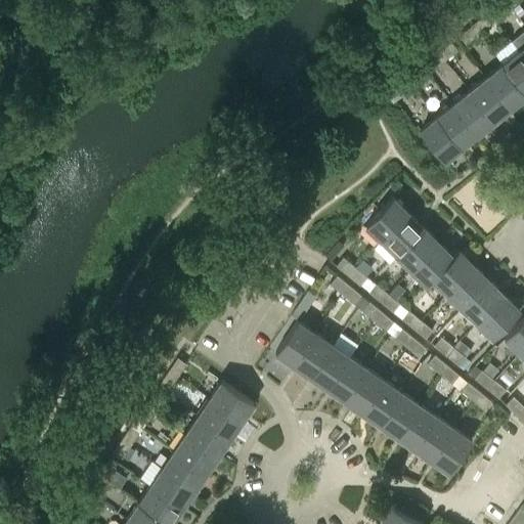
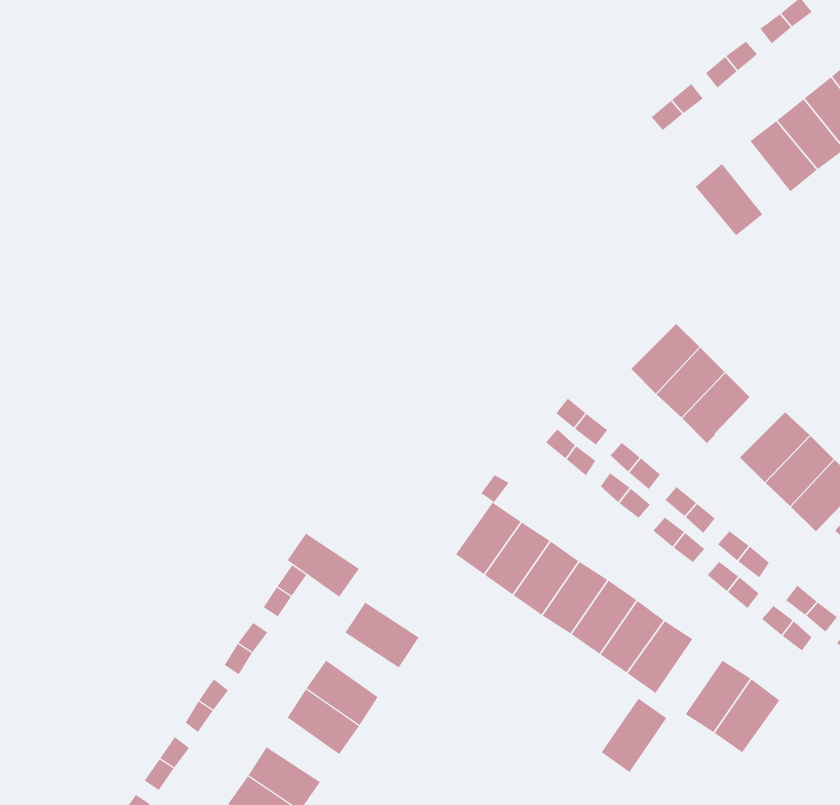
building: [437,105,478,149] -> none
building: [366,200,409,243] -> none
building: [433,253,475,296] -> none
building: [199,401,243,440] -> [287,533,360,598]
building: [397,405,437,450] -> [601,698,667,773]
building: [163,452,207,491] -> none

